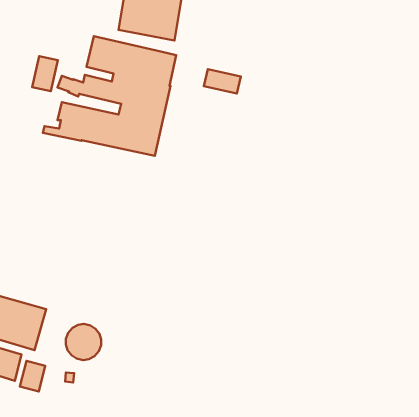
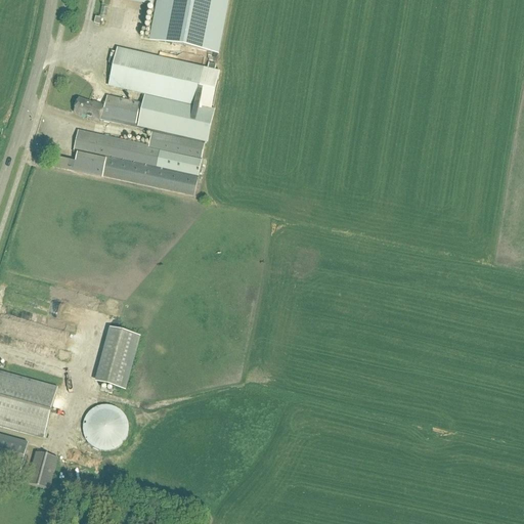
building: [32,56,58,91] -> none
building: [204,69,241,93] -> none
building: none -> [91,329,135,391]

